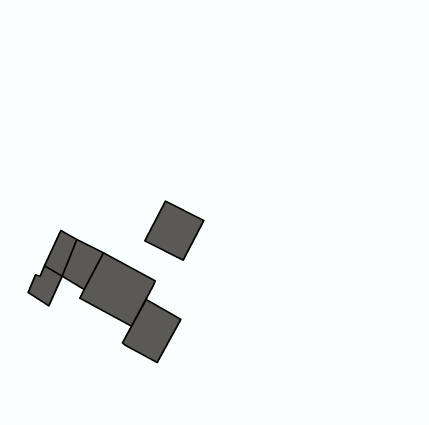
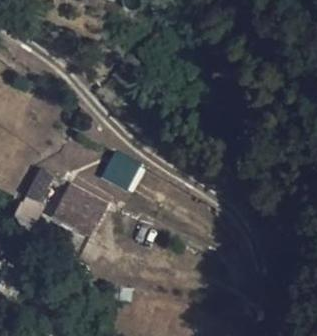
building: [122,300,181,363] -> none

